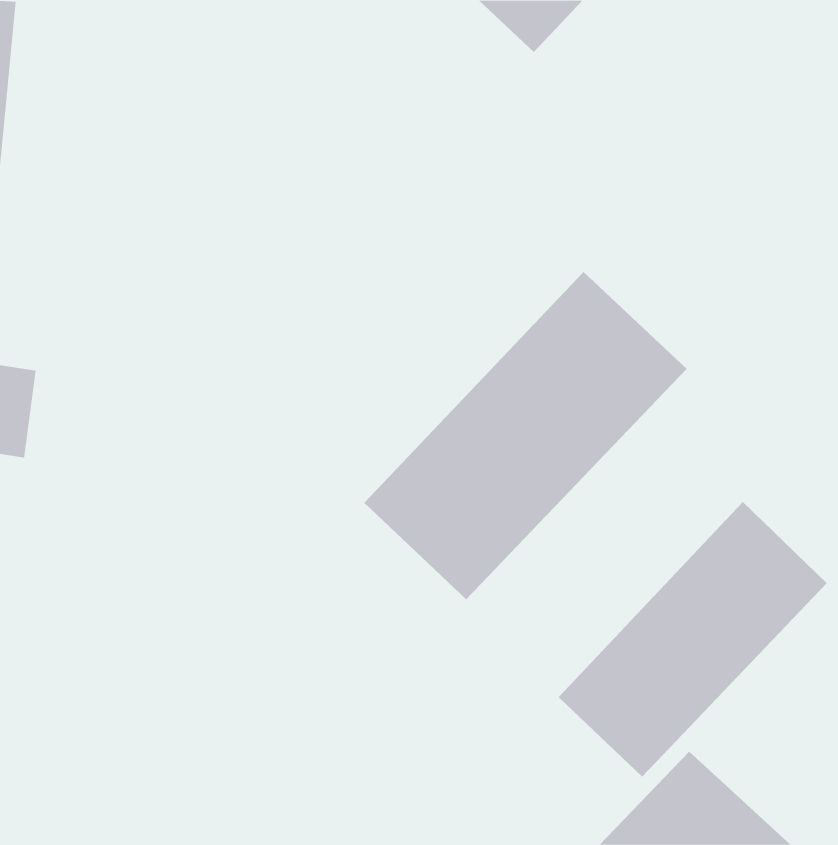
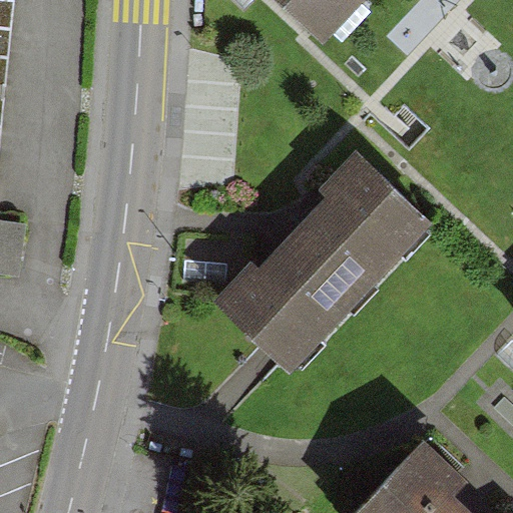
building: [558,501,827,778] -> none

